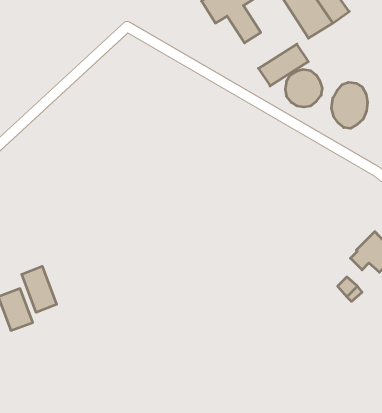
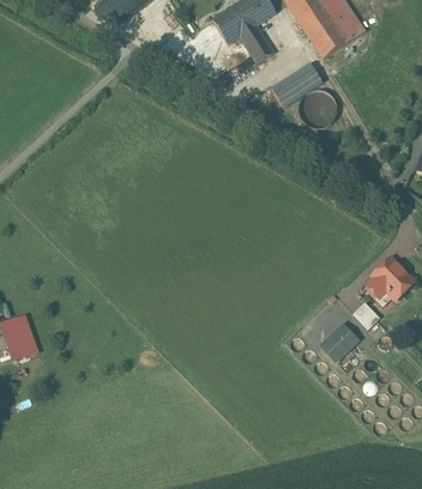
building: [331,82,367,128] -> none
building: [22,266,57,312] -> none
building: none -> [320,325,356,361]

